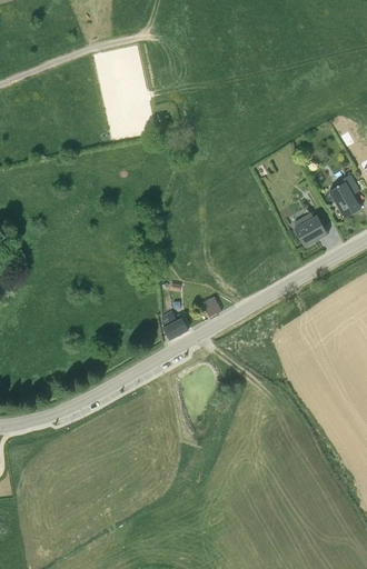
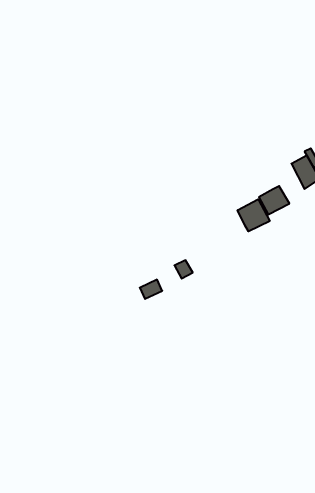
building: none -> [238,199,270,231]

